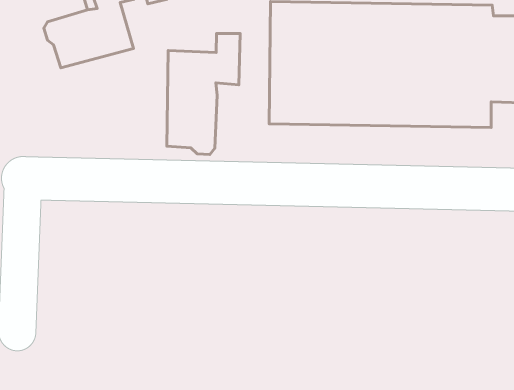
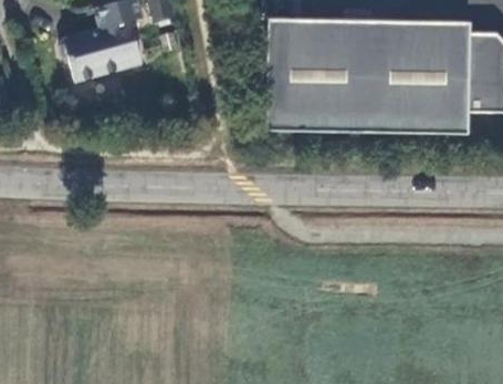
building: [167,33,240,155] -> none

